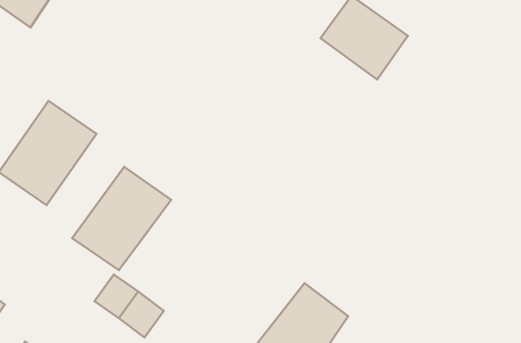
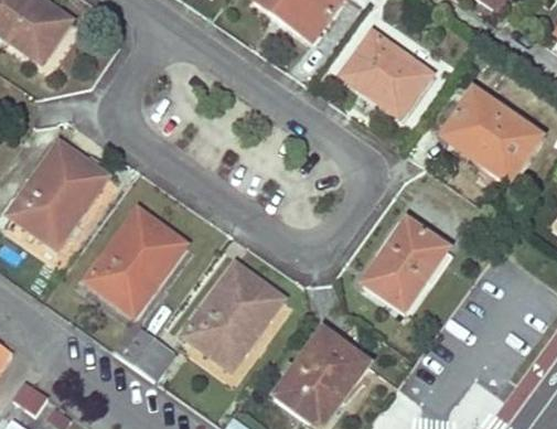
building: none -> [446,88,540,184]
building: none -> [363,218,449,311]
building: none -> [181,261,283,369]

